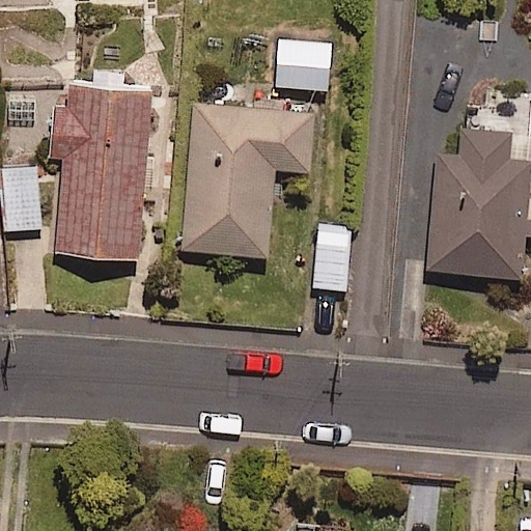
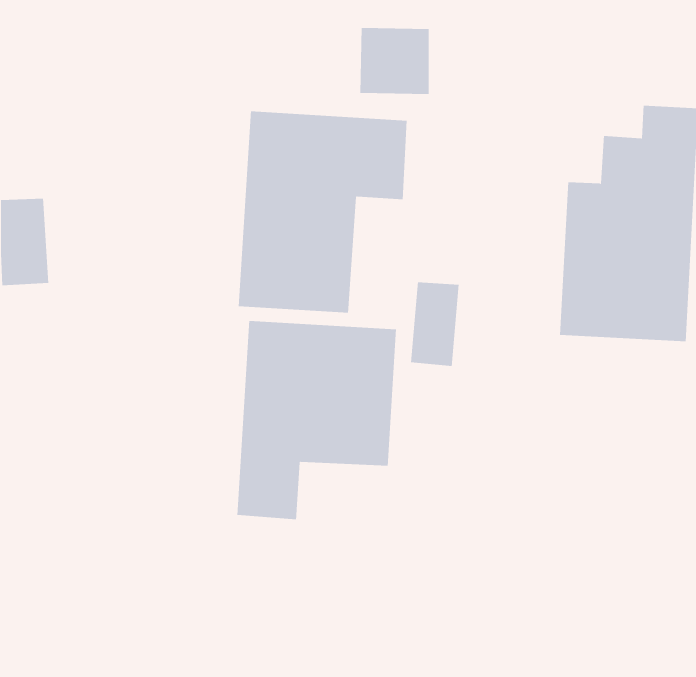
building: [55,84,153,269] -> none
building: none -> [237,320,397,520]

